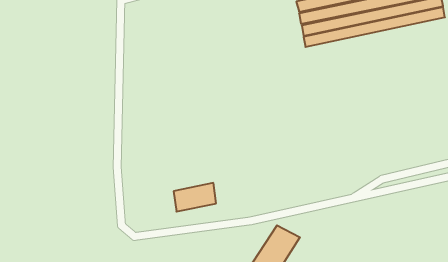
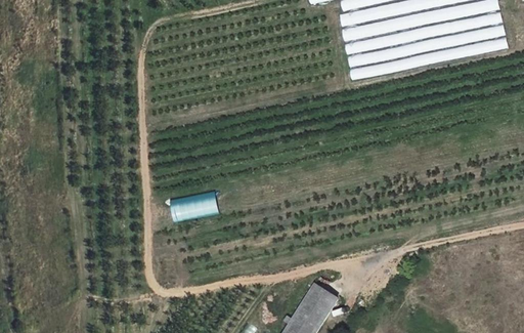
building: [174,183,216,212] -> [170,190,217,221]

